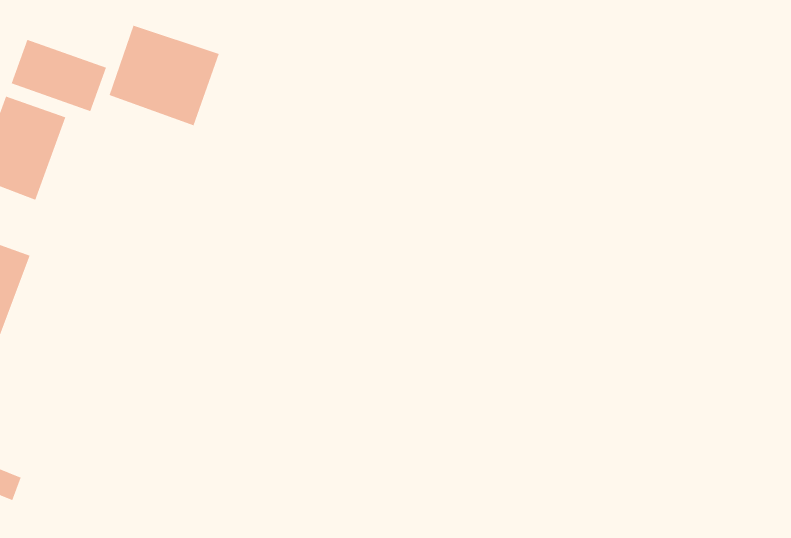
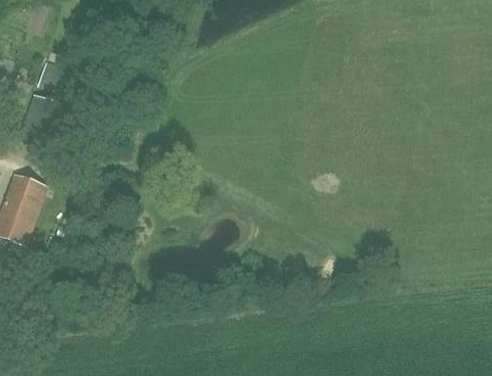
building: [109,25,220,126] -> none

